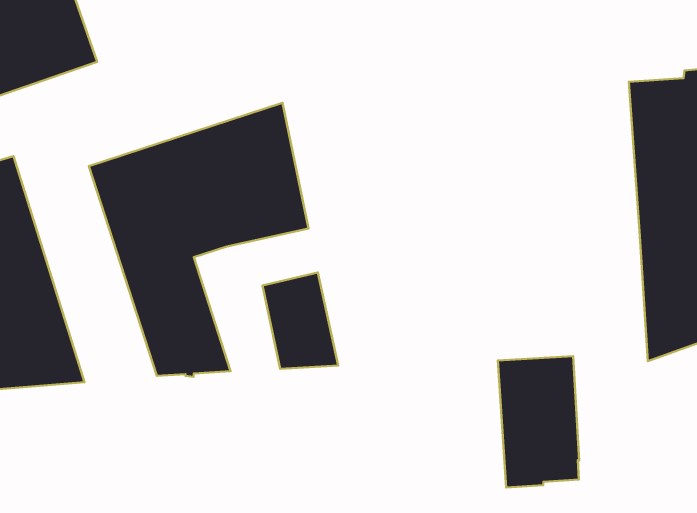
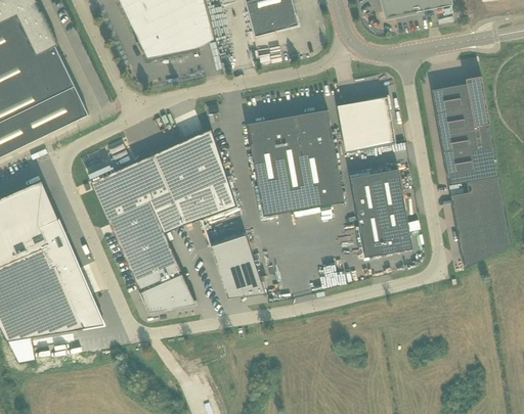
building: none -> [337,96,395,151]
building: none -> [249,109,343,216]
building: [498,356,579,487] -> [350,169,410,258]

